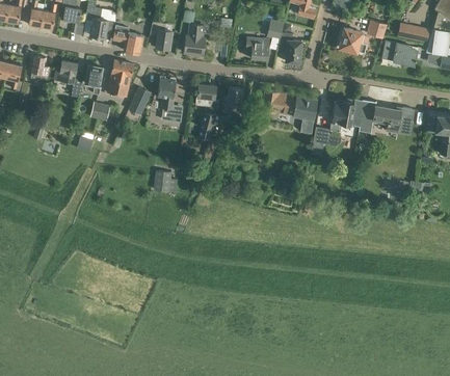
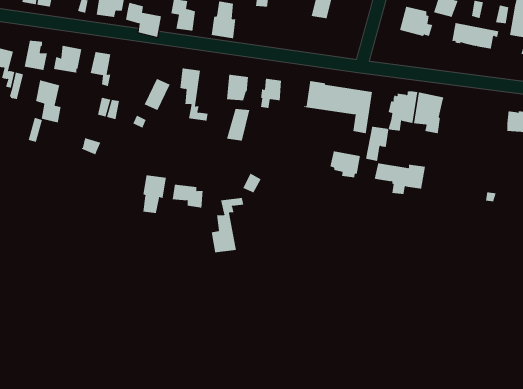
building: [277,33,301,62] -> none
building: [246,37,269,60] -> none
building: [107,59,134,97] -> none
building: none -> [36,79,61,123]
building: [372,105,415,132] -> [374,162,426,194]
building: none -> [330,151,361,178]
building: none -> [143,174,166,214]
building: none -> [211,197,244,253]

